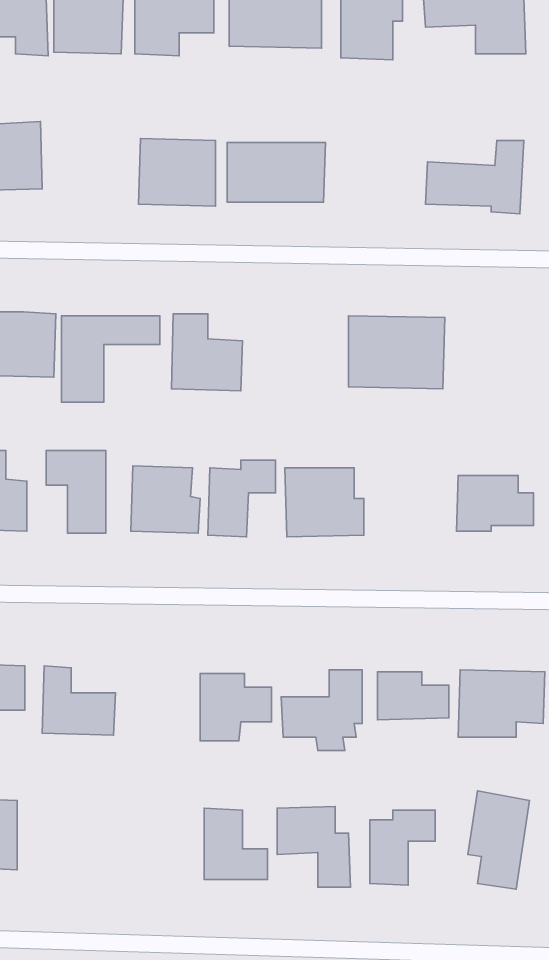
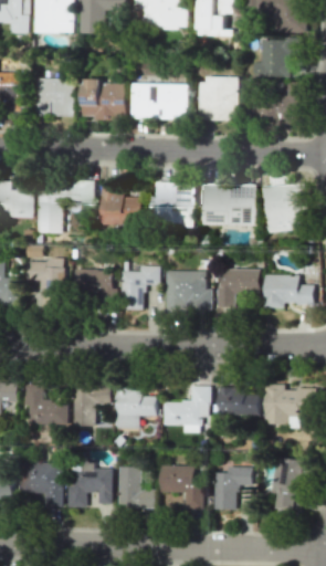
building: none -> [254,38,295,76]
building: none -> [33,77,74,115]
building: none -> [198,77,238,119]
building: none -> [262,181,313,232]
building: none -> [154,182,194,226]
building: none -> [220,269,260,307]
building: none -> [74,386,109,426]
building: none -> [21,461,63,506]
building: none -> [67,462,113,506]

